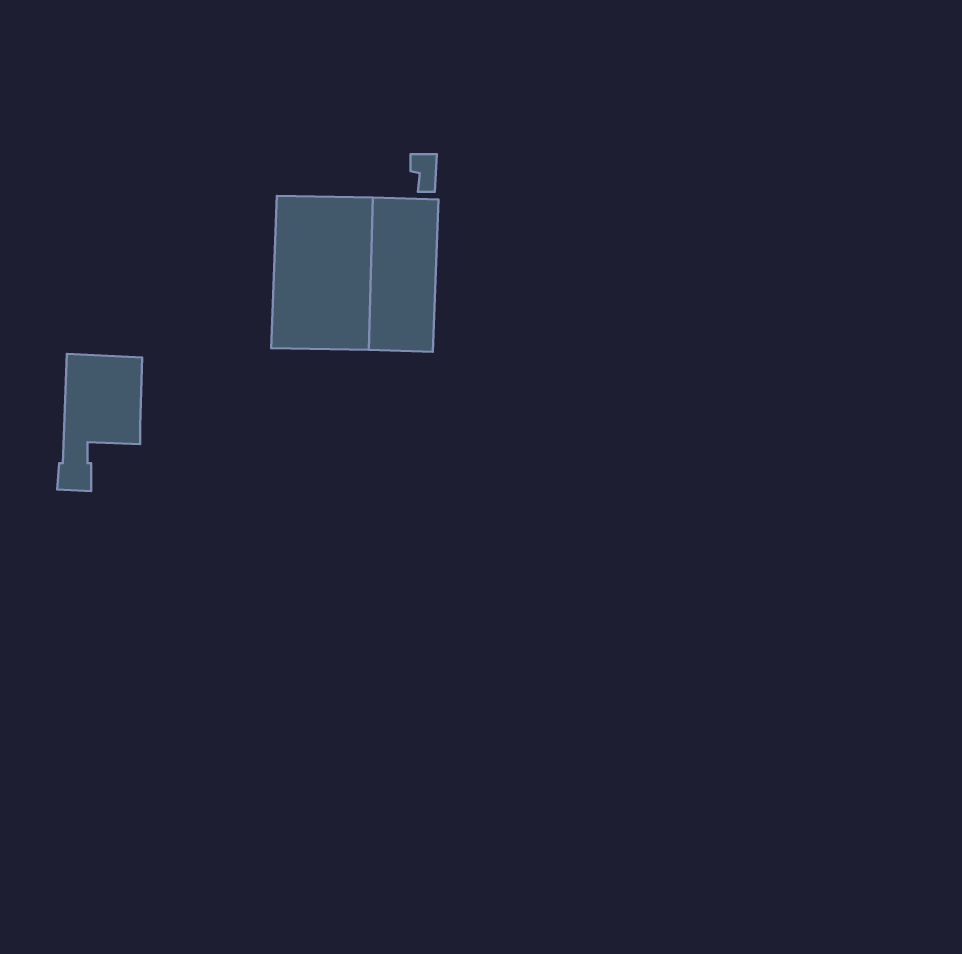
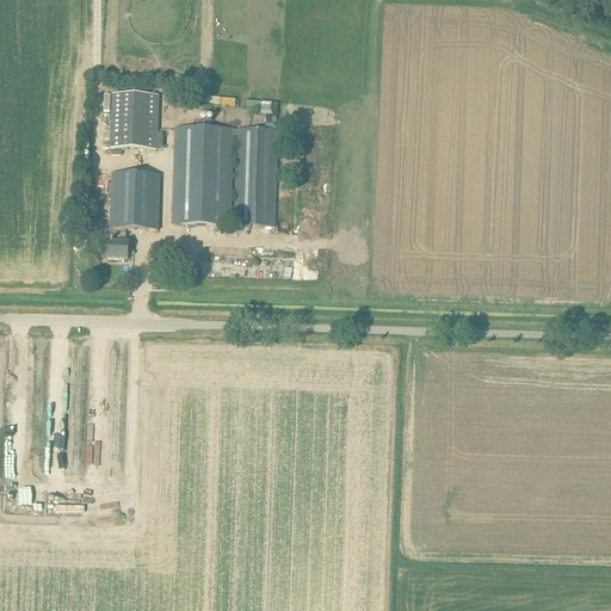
building: none -> [109,91,159,147]
building: [57,354,142,491] -> [106,169,160,257]

